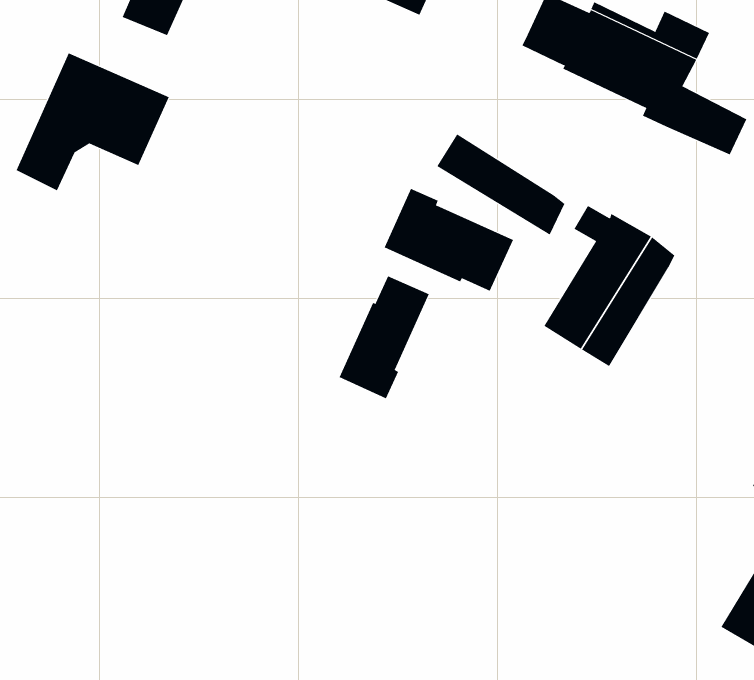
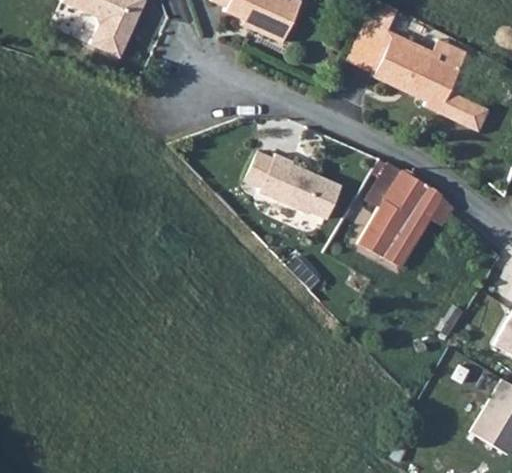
building: [16,53,170,191] -> none
building: [436,133,565,236] -> none
building: [339,275,429,399] -> none

